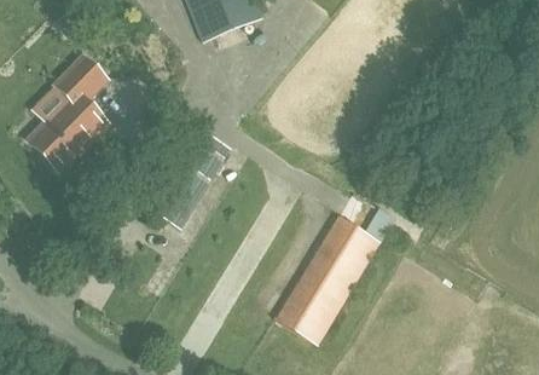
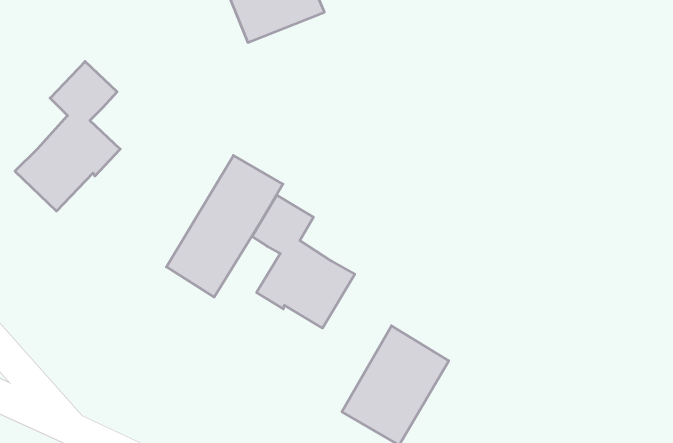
building: none -> [252,195,355,328]
building: [313,213,381,281] -> none

